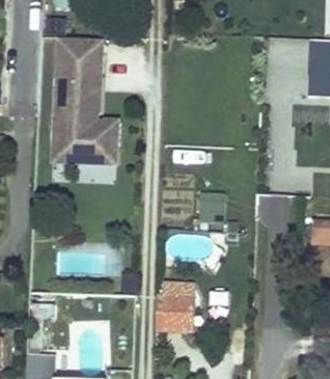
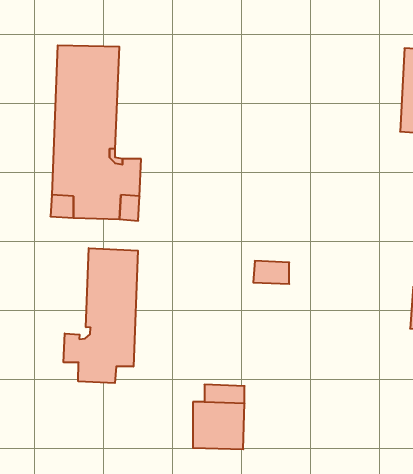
building: none -> [64,248,138,383]

